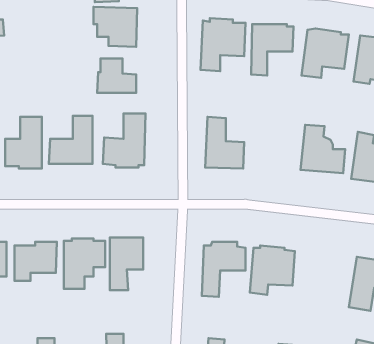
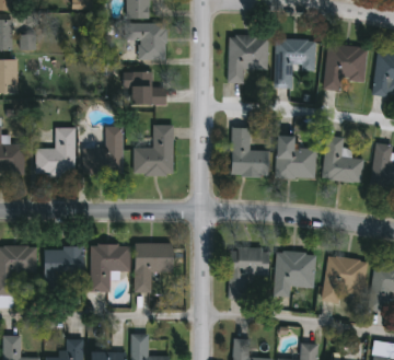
building: none -> [274,135,315,179]
building: none -> [322,255,367,301]

